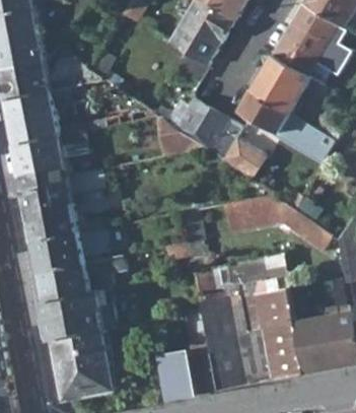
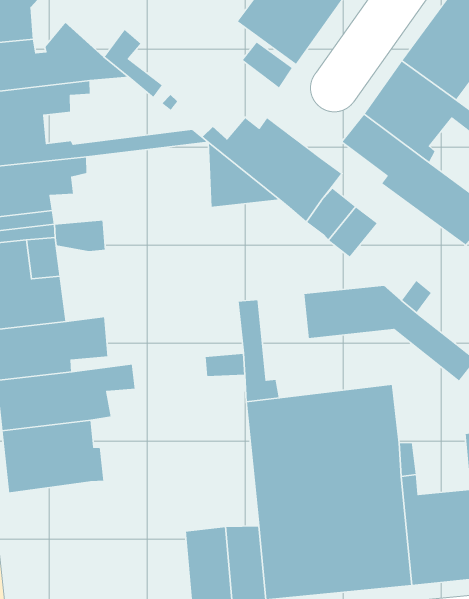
building: [51,330,113,401] -> none

